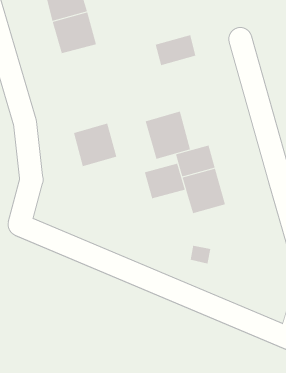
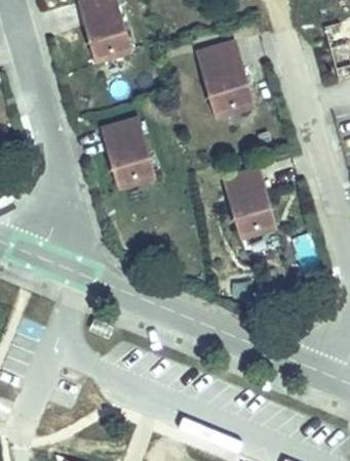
building: none -> [98,118,144,152]
building: [145,111,191,160] -> [202,66,254,120]
building: [144,163,185,199] -> none

